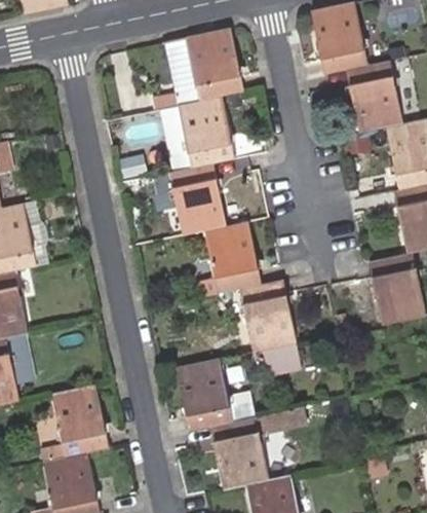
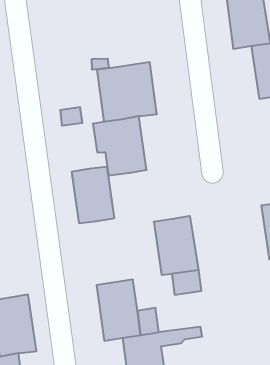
building: [163,27,243,106] -> none
building: [207,221,263,291] -> [72,167,114,223]

